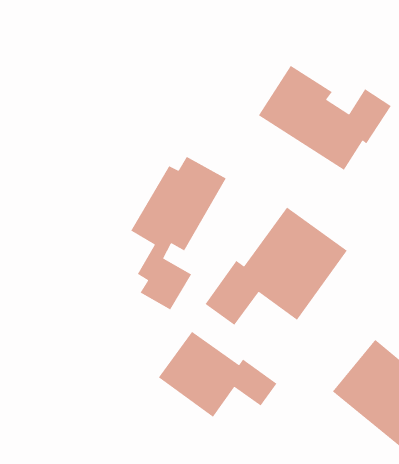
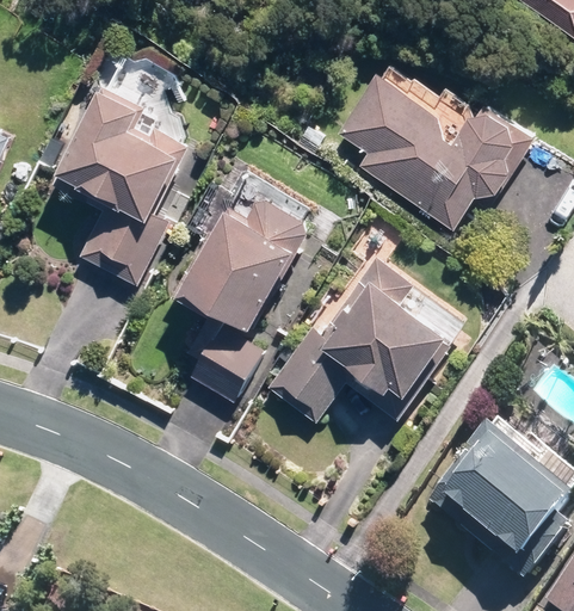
building: none -> [60,95,185,277]
building: [158,331,278,418] -> none

